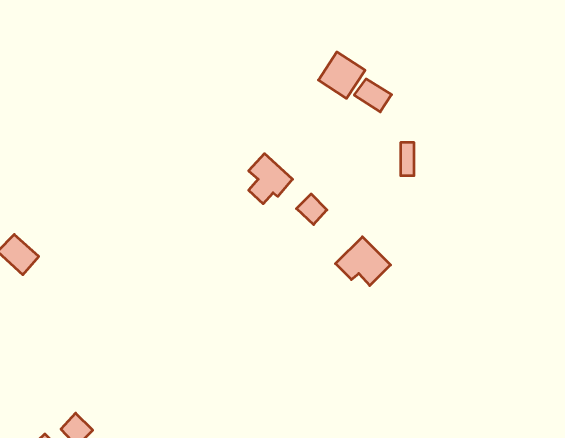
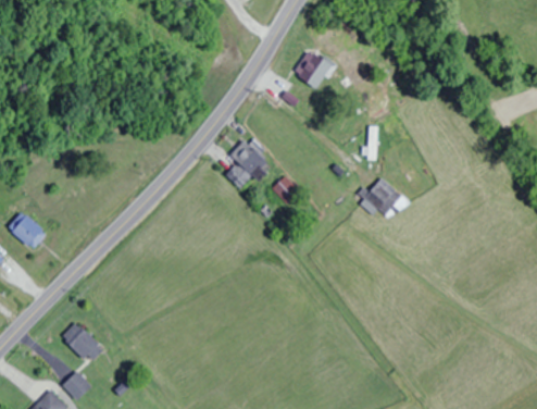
building: [354,79,392,112] -> none
building: [335,237,391,286] -> [360,177,409,221]
building: none -> [65,324,100,358]

